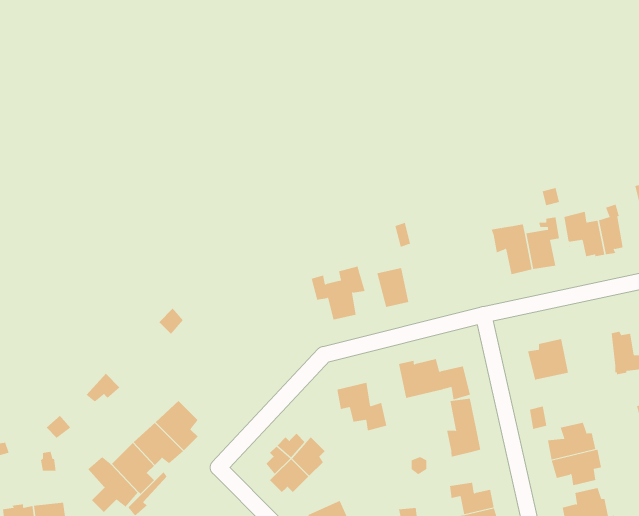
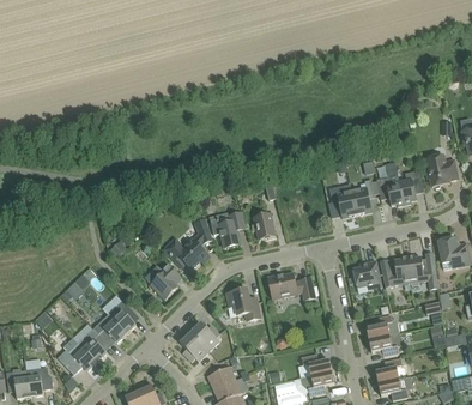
building: none -> [163,218,212,268]
building: none -> [381,255,410,286]
building: none -> [150,261,181,298]
building: [446,398,481,457] -> none

